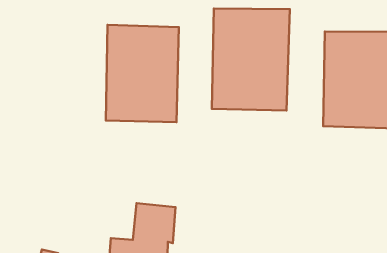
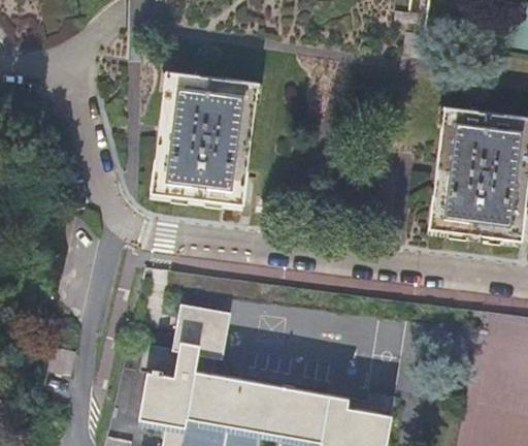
building: [212,8,290,111] -> none

